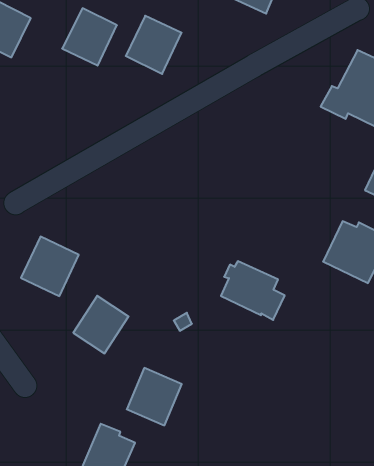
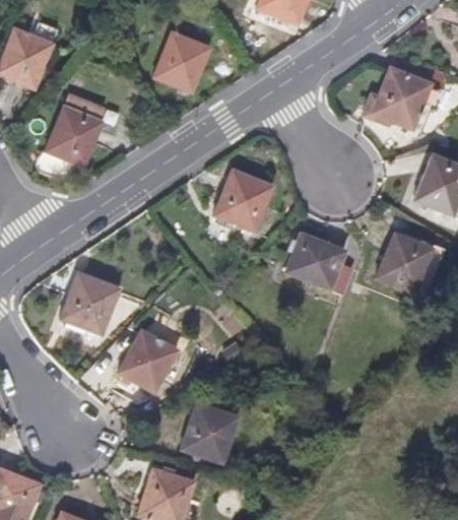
building: [62,8,117,66] -> [46,107,102,166]
building: none -> [214,170,272,231]
building: [221,261,285,320] -> [285,235,352,294]

